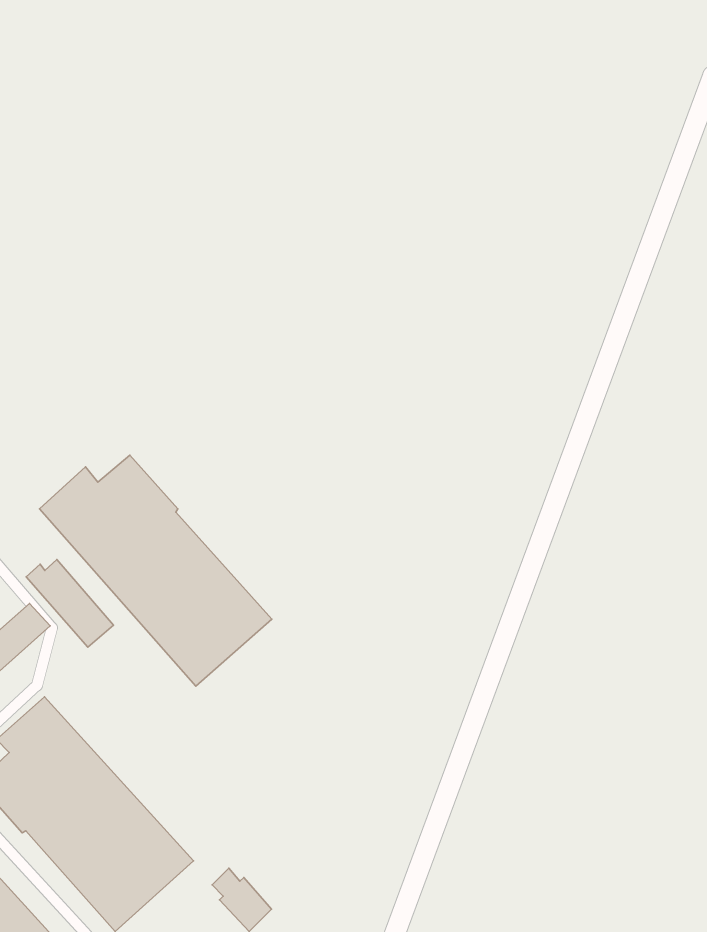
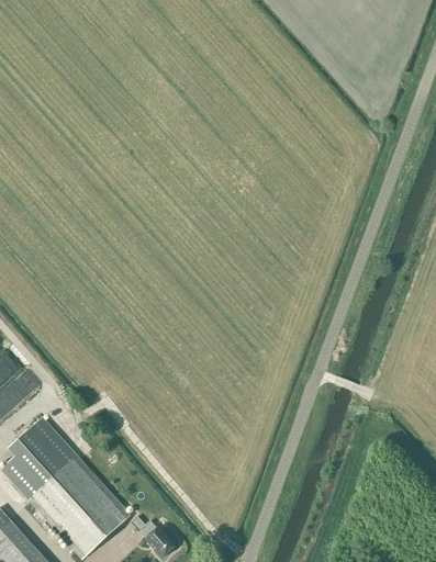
building: [40,455,272,686] -> none
building: [26,560,114,647] -> none

